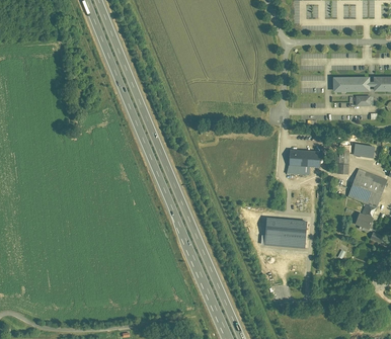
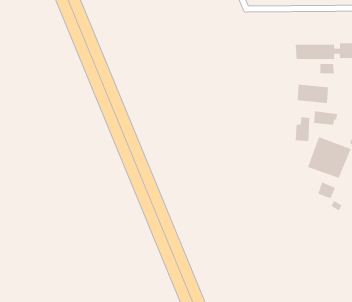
building: [288,149,319,168] -> [297,84,329,104]
building: [263,218,308,248] -> none

